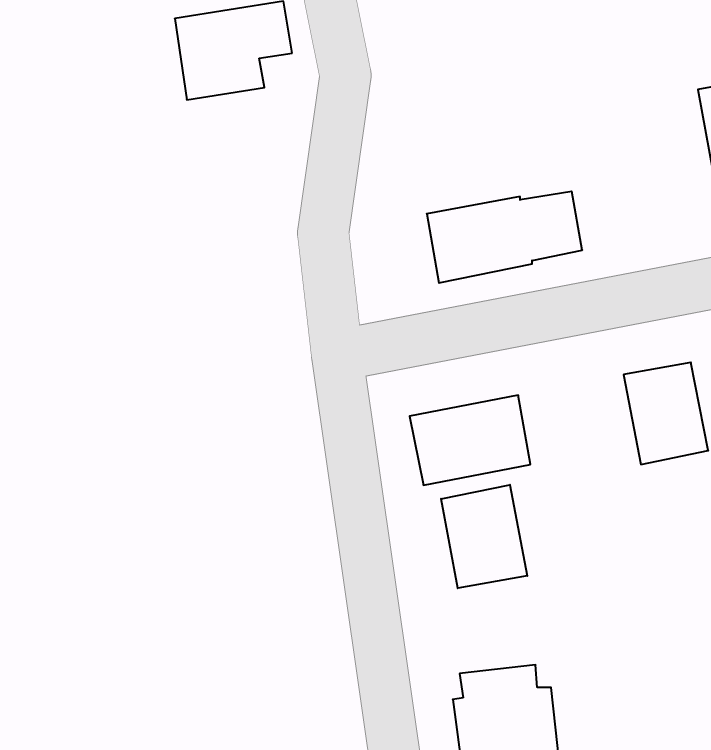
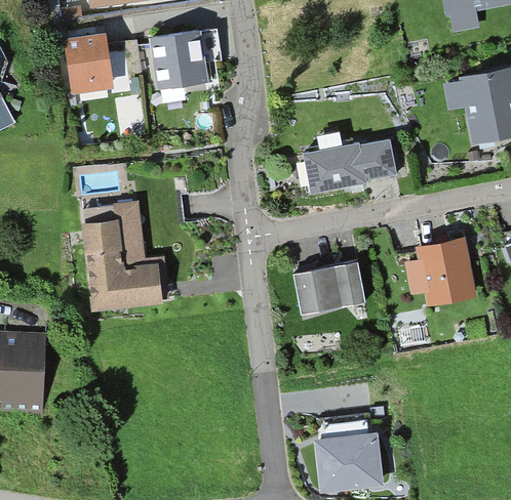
building: none -> [63,36,110,85]
building: none -> [85,209,168,310]
building: [441,485,527,588] -> none

